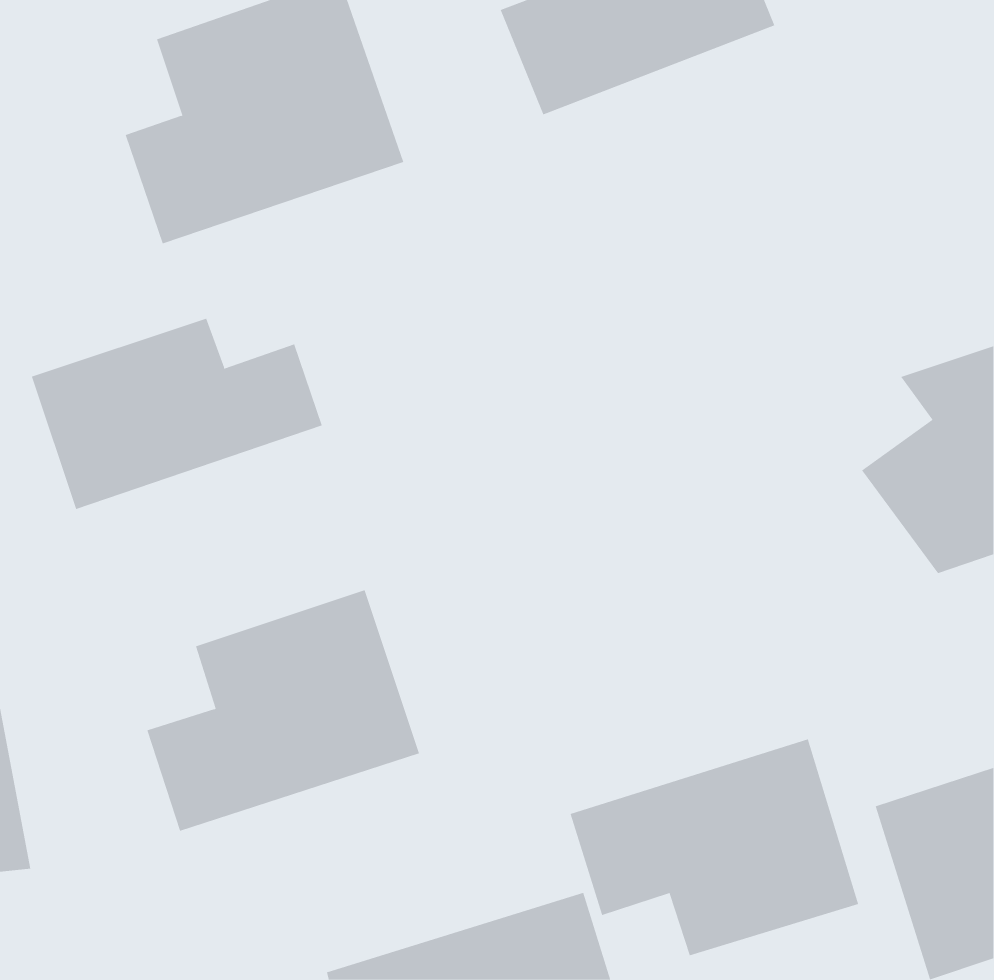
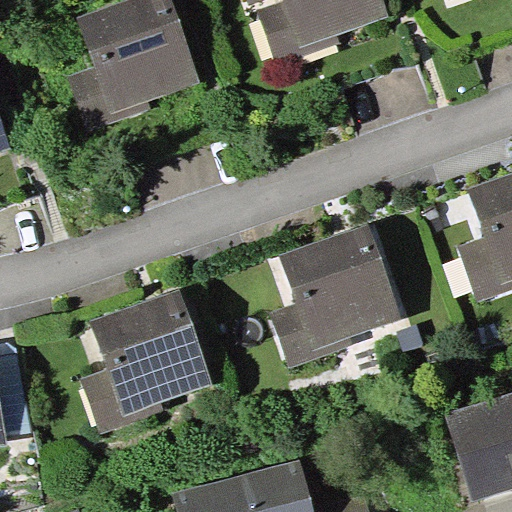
building: [31,318,323,510] -> none
building: none -> [264,234,401,361]
building: [570,739,859,956] -> none

